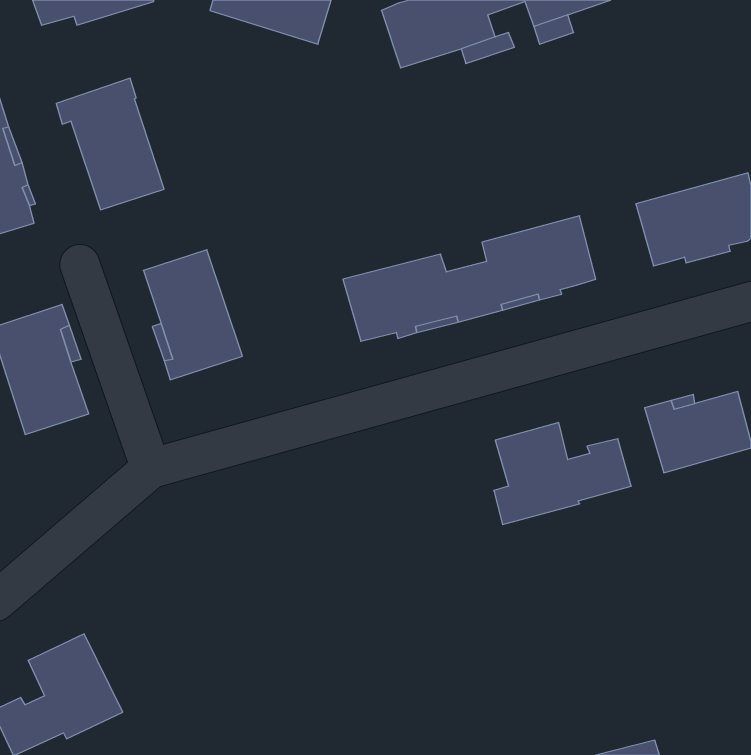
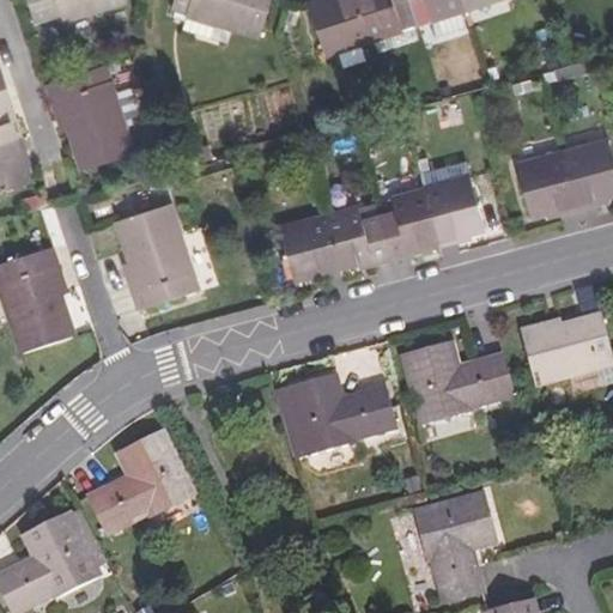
building: none -> [286,375,395,454]
building: none -> [89,431,194,533]
building: none -> [415,493,494,601]

